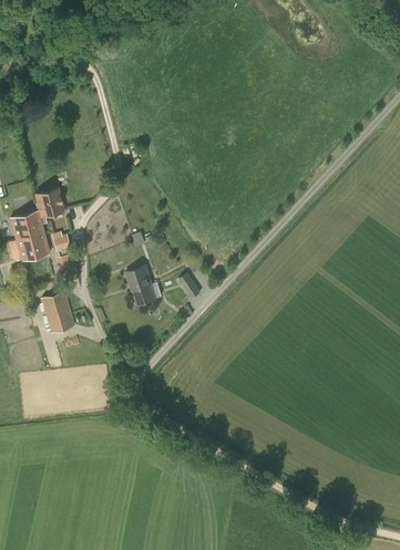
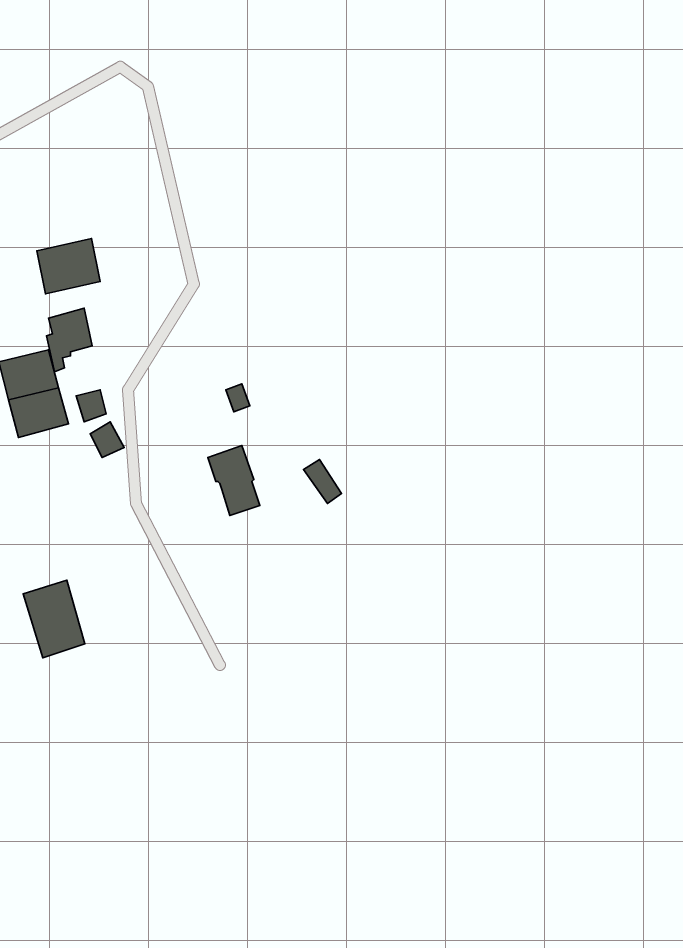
building: none -> [37,239,100,294]
building: [41,291,75,334] -> [23,580,85,658]

